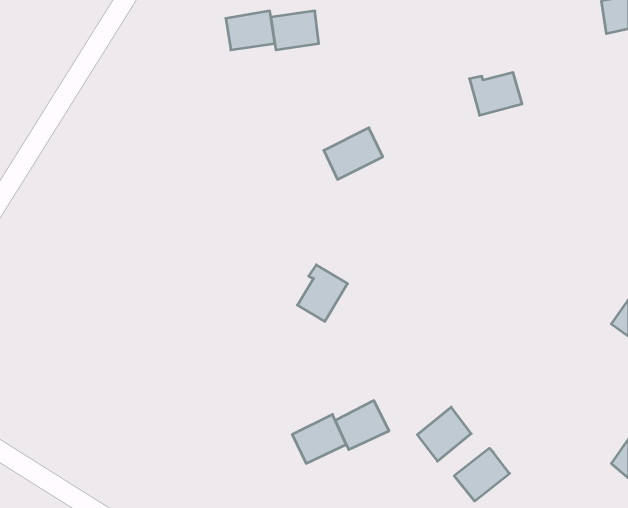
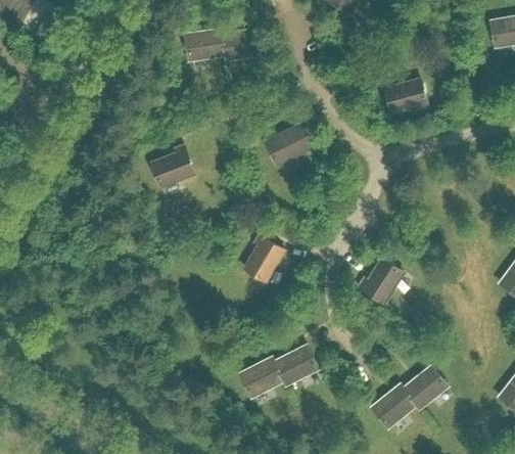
building: none -> [152,146,195,187]
building: none -> [359,258,404,303]
building: [417,407,471,461] -> [404,365,448,409]

